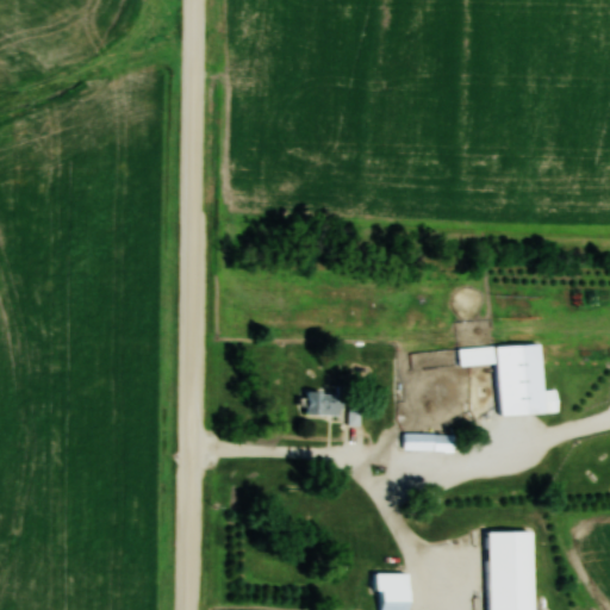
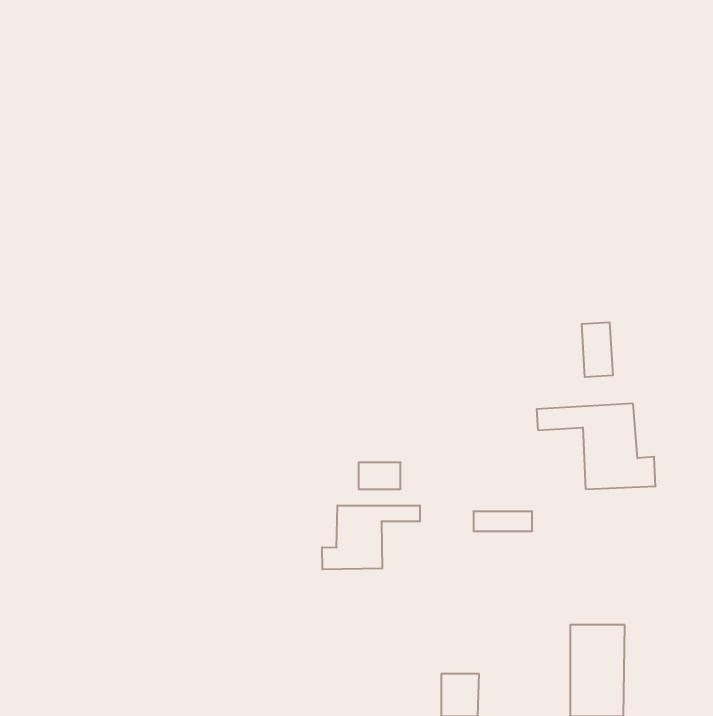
building: none -> [582,322,613,377]
building: none -> [322,505,420,570]

